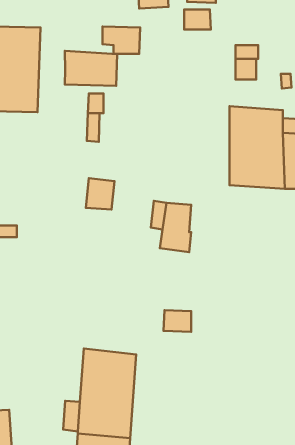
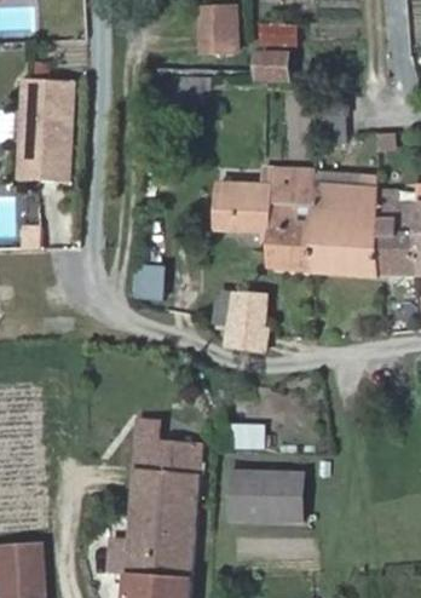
building: [65,51,117,86] -> none
building: none -> [218,169,312,270]
building: none -> [133,421,200,478]
building: none -> [230,471,302,523]

